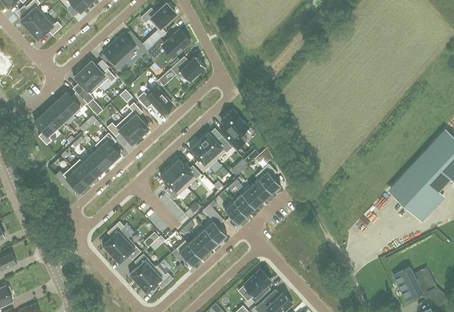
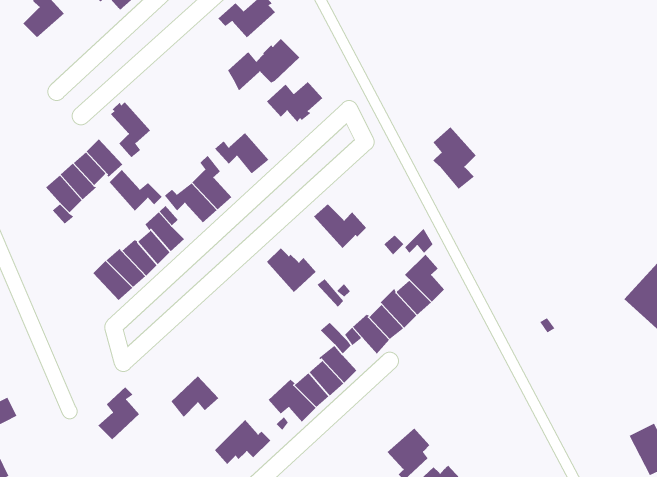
building: [29,15,62,40] -> none
building: [104,34,139,69] -> none
building: [83,61,116,87] -> [109,169,162,212]
building: [221,110,248,149] -> [433,126,476,190]
building: [190,140,217,172] -> none
building: [160,168,187,200] -> none
building: [102,221,128,254] -> [98,387,140,440]
building: [129,254,155,284] -> none

